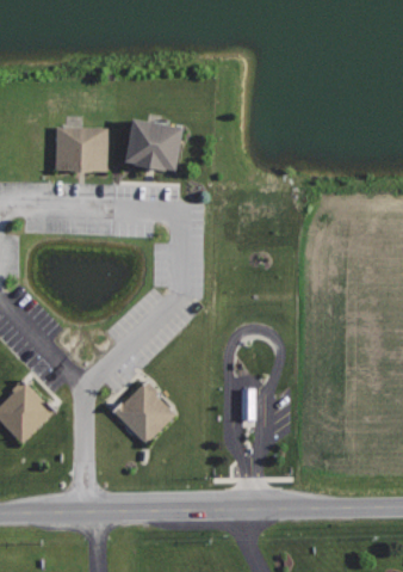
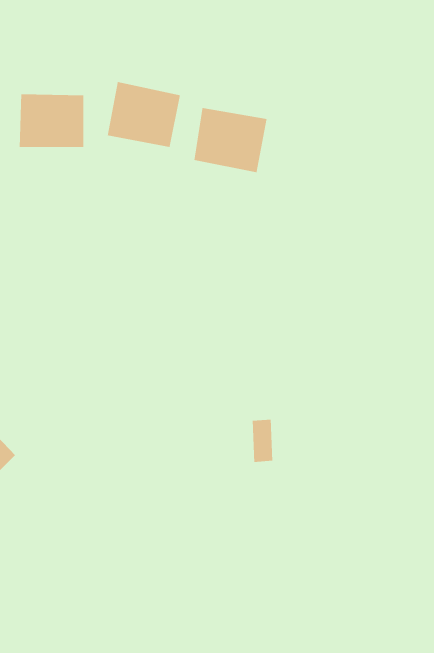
building: none -> [193,107,268,173]
building: [114,381,176,443] -> none

